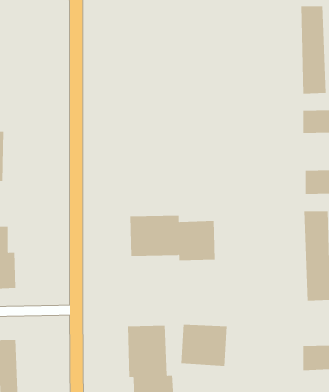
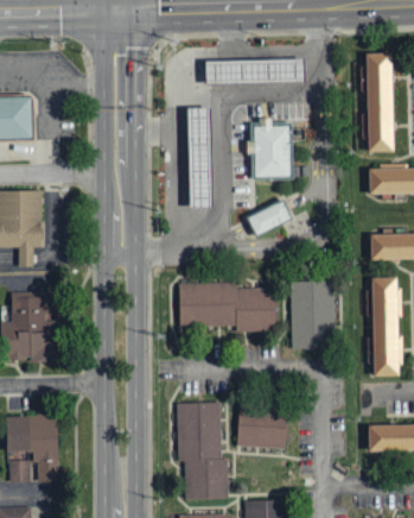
building: none -> [190,57,305,204]
building: none -> [246,196,295,236]
building: none -> [289,277,337,346]

